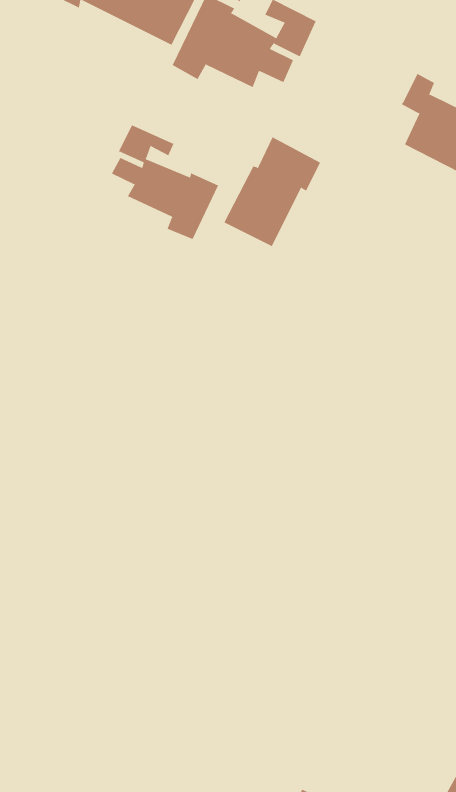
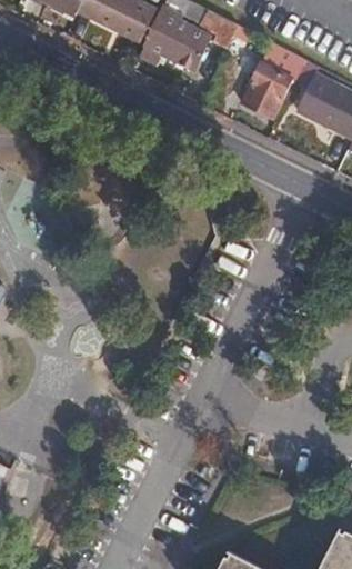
building: [111,125,219,240] -> none
building: [224,137,321,247] -> [239,43,305,119]

